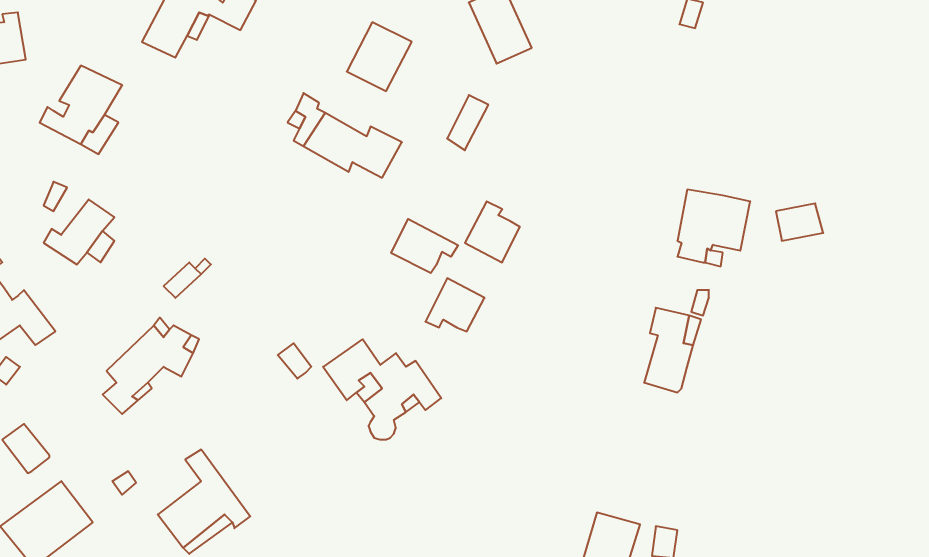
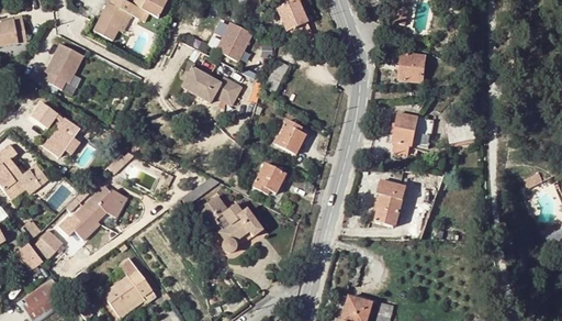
building: none -> [398,53,425,81]
building: [391,219,458,273] -> none
building: none -> [34,229,64,258]

